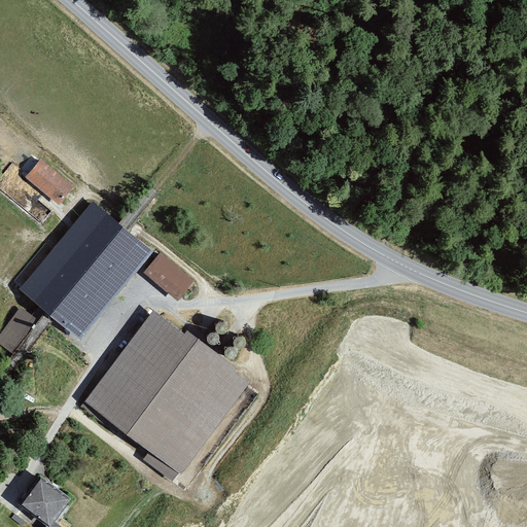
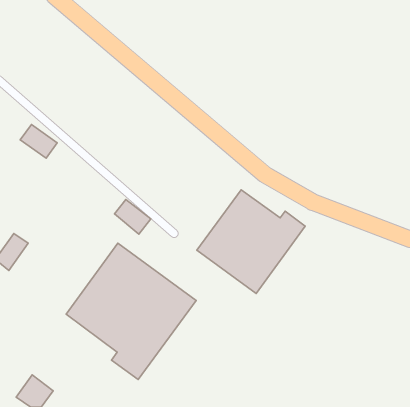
building: [19,199,154,339] -> none
building: none -> [197,190,305,294]

